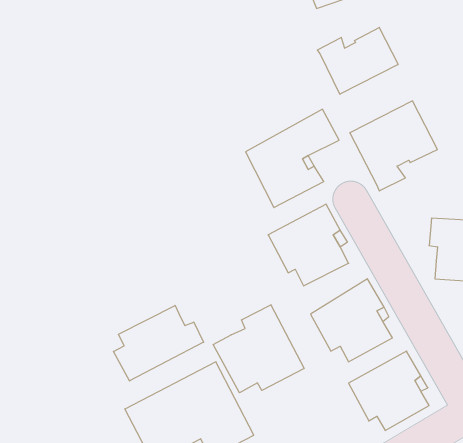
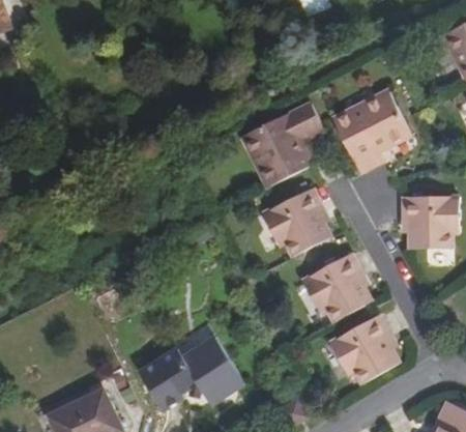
building: [317,27,398,94] -> none
building: [213,305,304,393] -> none
building: [113,305,204,381] -> none

